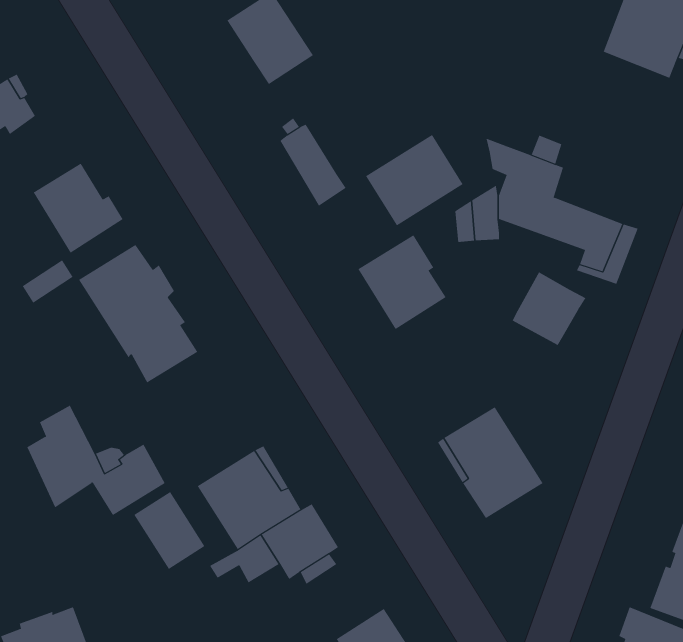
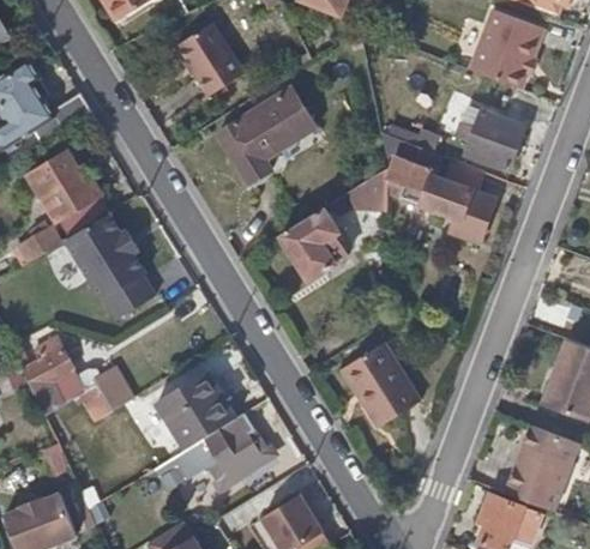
building: none -> [464,111,523,171]
building: [365,134,464,226] -> [240,90,315,161]
building: [512,271,586,346] -> none
building: [134,491,205,570] -> none

